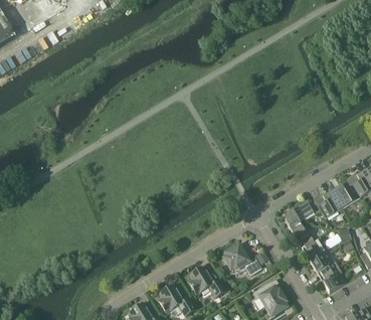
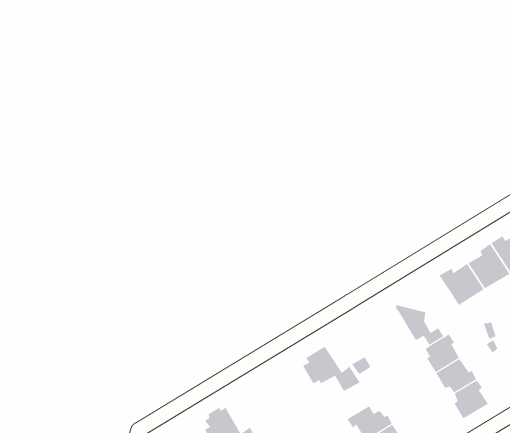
building: [285,200,321,221] -> none
building: [189,266,225,296] -> none

